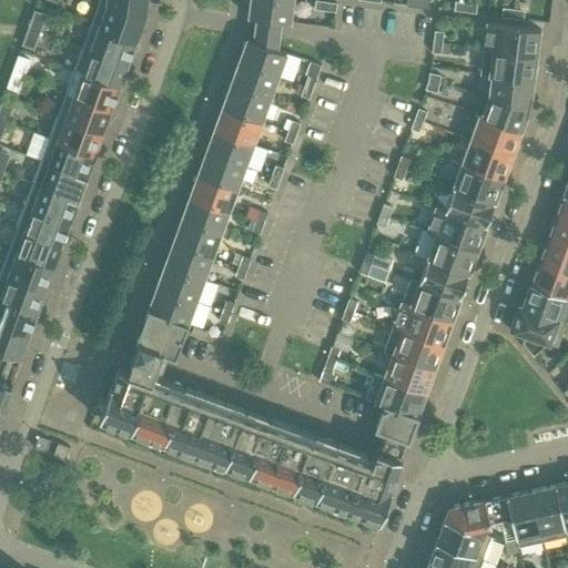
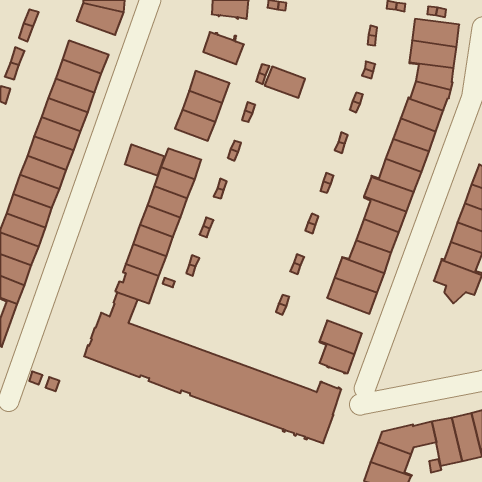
building: [82,26,136,65] -> none
building: [231,62,278,99] -> [265,67,305,98]
building: [199,152,245,189] -> [125,144,164,176]
building: [385,351,435,393] -> none

